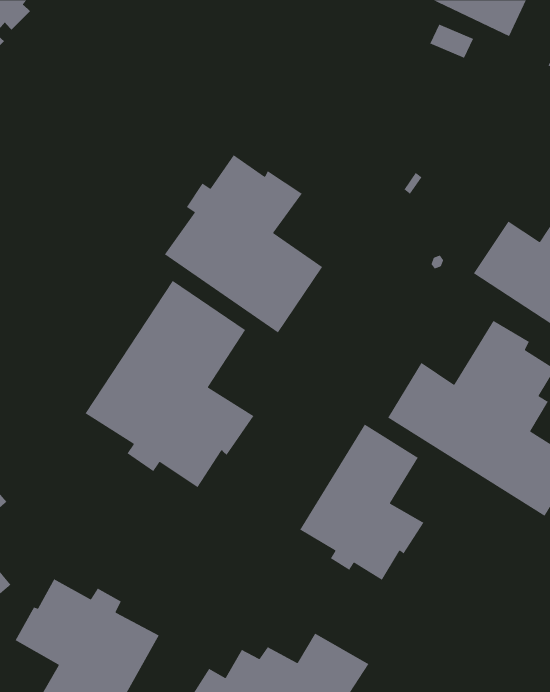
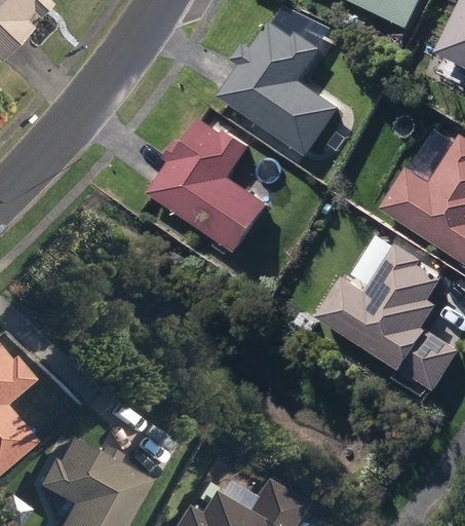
building: none -> [219,22,340,156]
building: [84,280,255,488] -> none
building: [299,423,424,581] -> none

